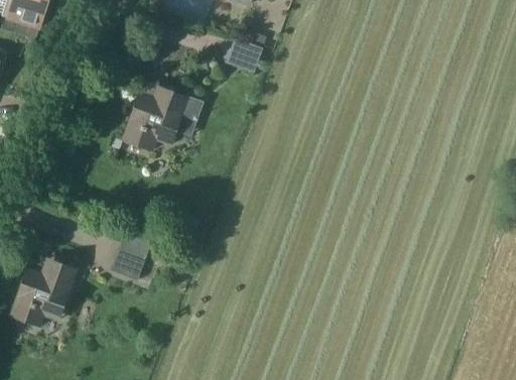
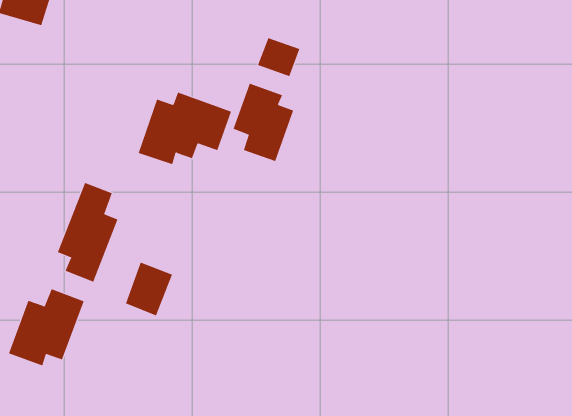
building: none -> [233,83,294,162]
building: none -> [57,182,118,282]

